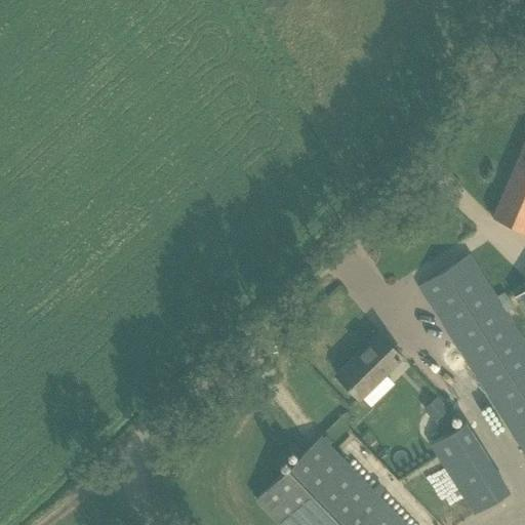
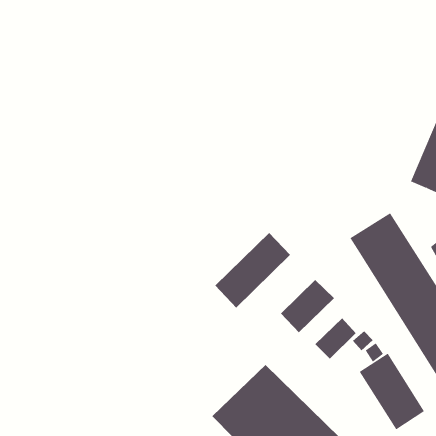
building: none -> [214,232,291,308]
building: none -> [315,317,357,360]

